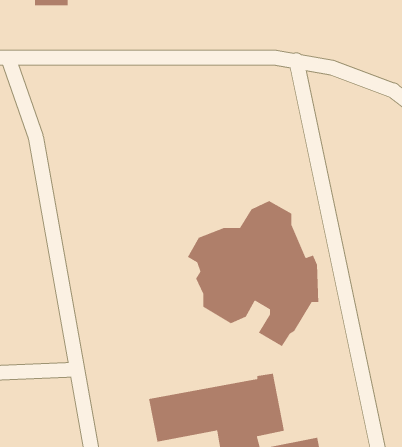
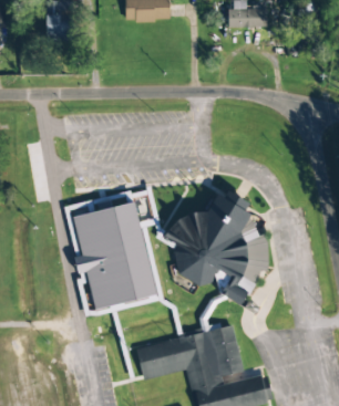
building: none -> [73,198,158,310]

